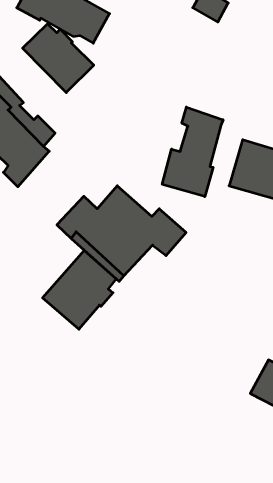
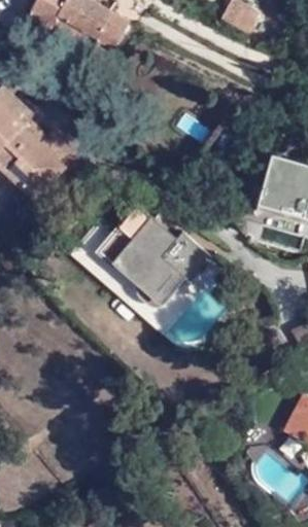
building: [23,24,94,93] -> none
building: [162,107,223,197] -> none
building: [43,250,116,329] -> none

